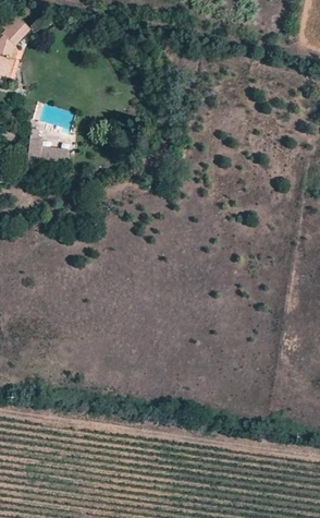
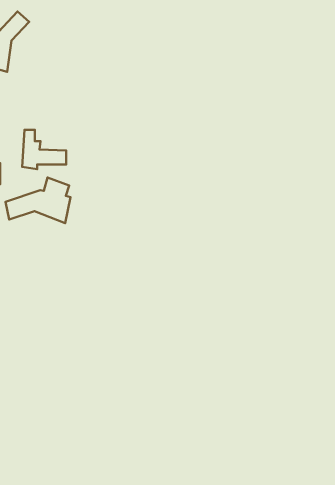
building: none -> [5,178,70,223]

